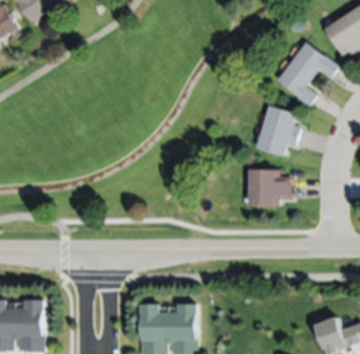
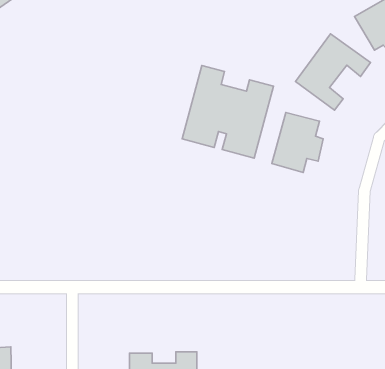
building: none -> [182,65,274,158]
building: [248,169,289,206] -> none

